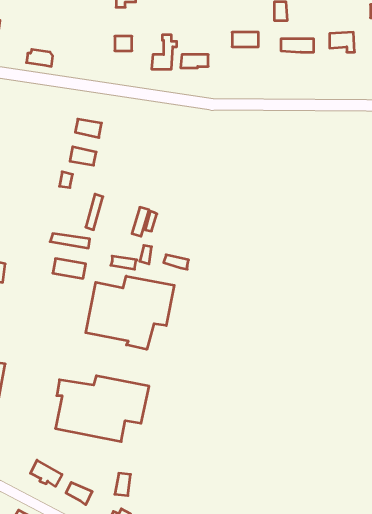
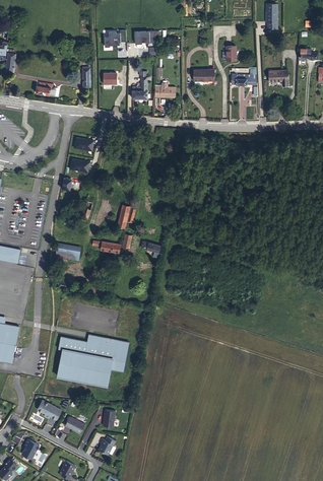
building: [86,276,174,349] -> none

